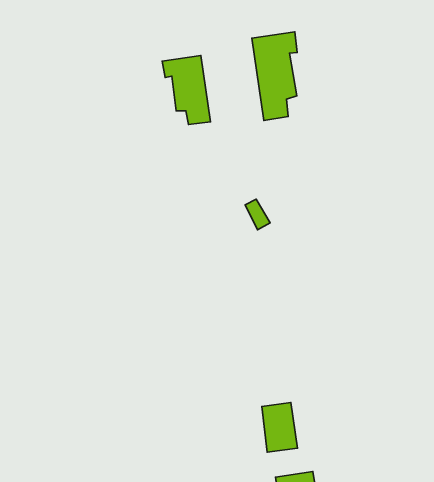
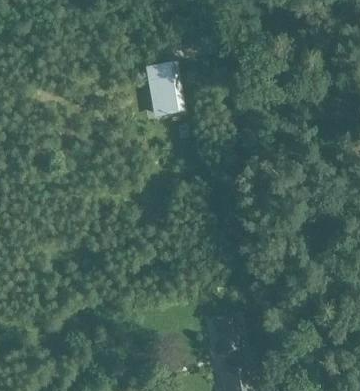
building: [252,32,297,121] -> none

